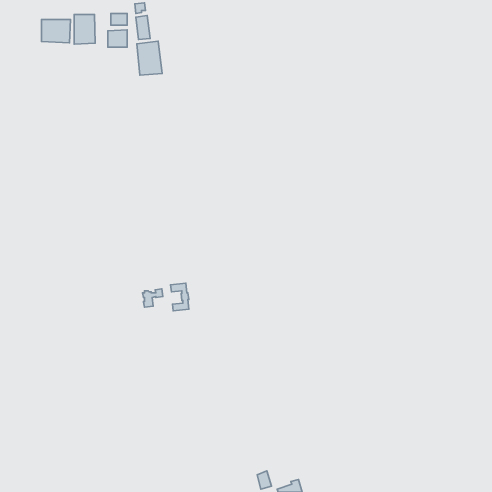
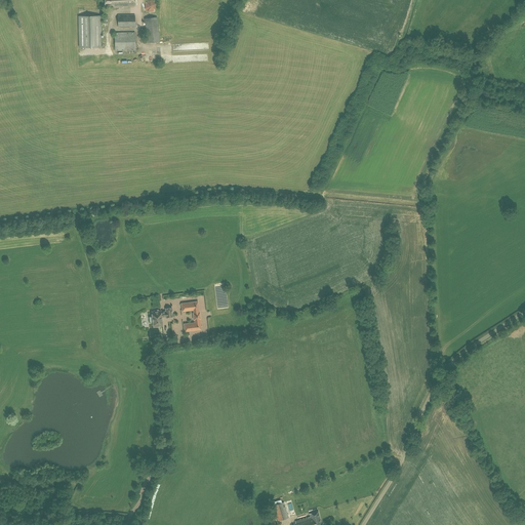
building: [42,19,70,43] -> none
building: [137,41,162,75] -> none

